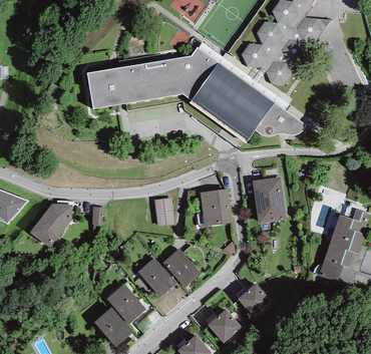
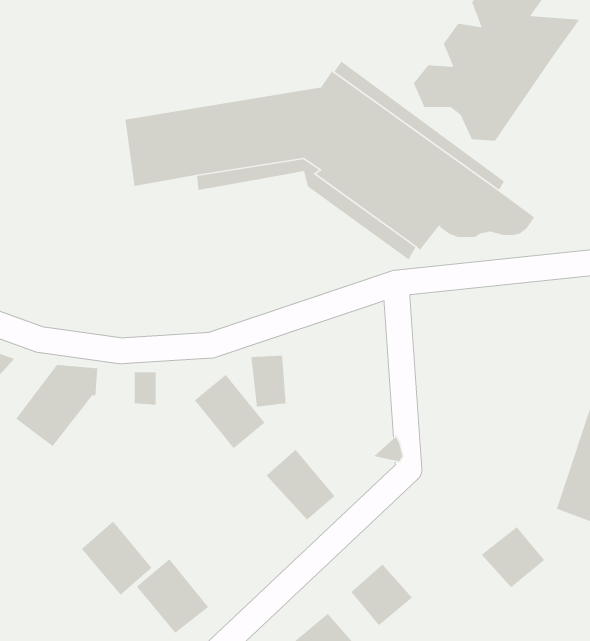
building: [253,176,286,223] -> none
building: [200,188,232,226] -> none
building: [137,257,175,297] -> [194,374,265,449]
building: [107,283,145,323] -> [81,521,153,596]
building: [237,283,271,316] -> [481,526,545,588]

